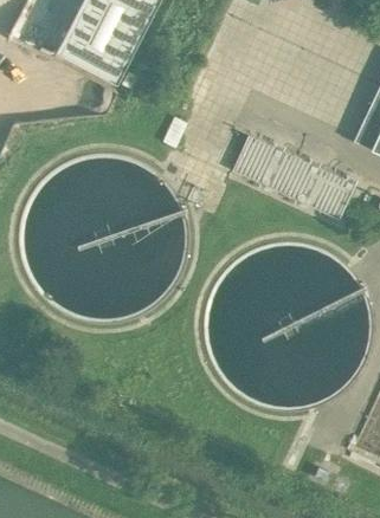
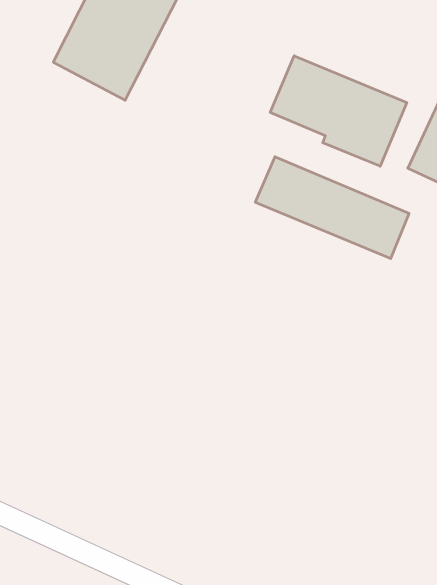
building: none -> [270,56,407,166]

